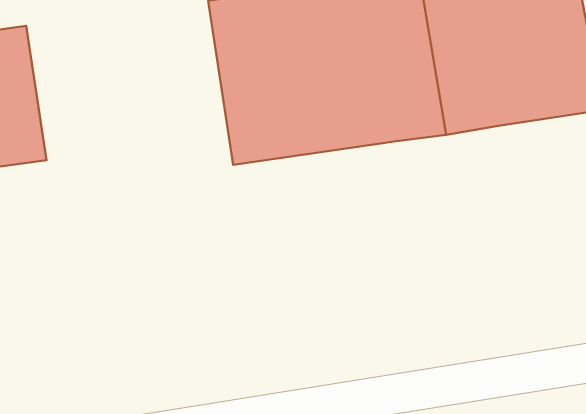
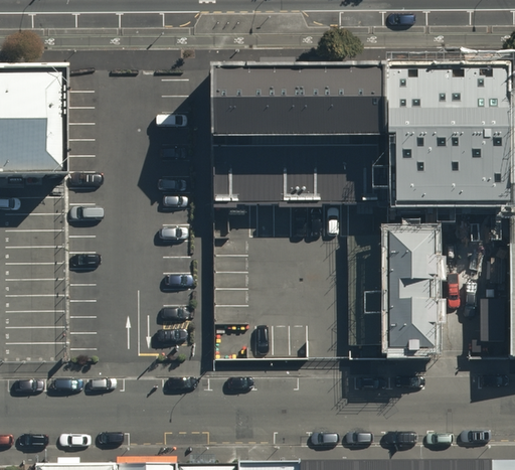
building: none -> [350,237,432,344]

